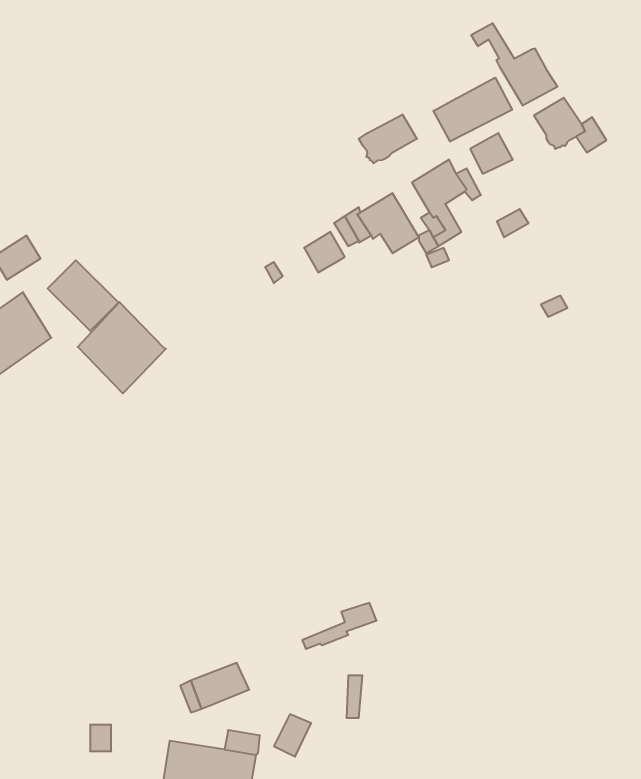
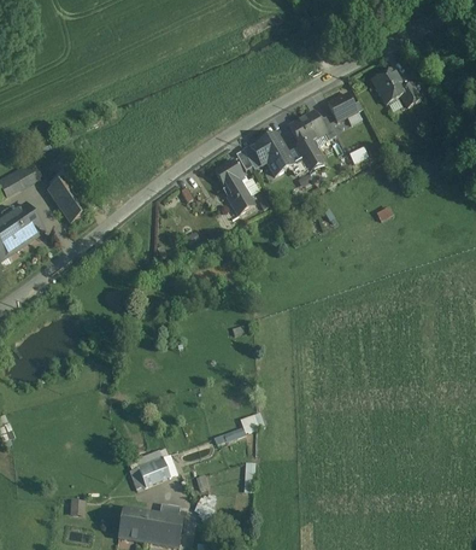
building: [471,23,557,106] -> none
building: [433,78,512,142] -> none
building: [359,114,417,163] -> none
building: none -> [225,180,254,215]
building: [78,302,166,393] -> none

